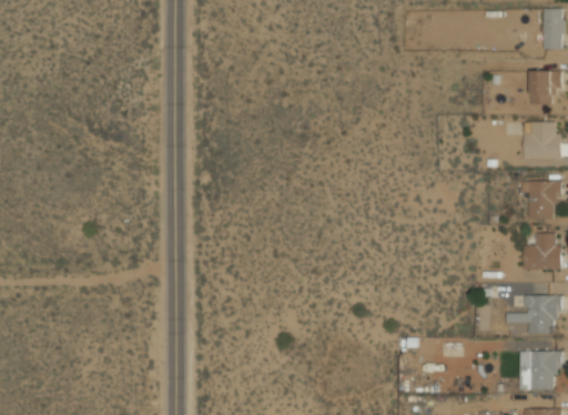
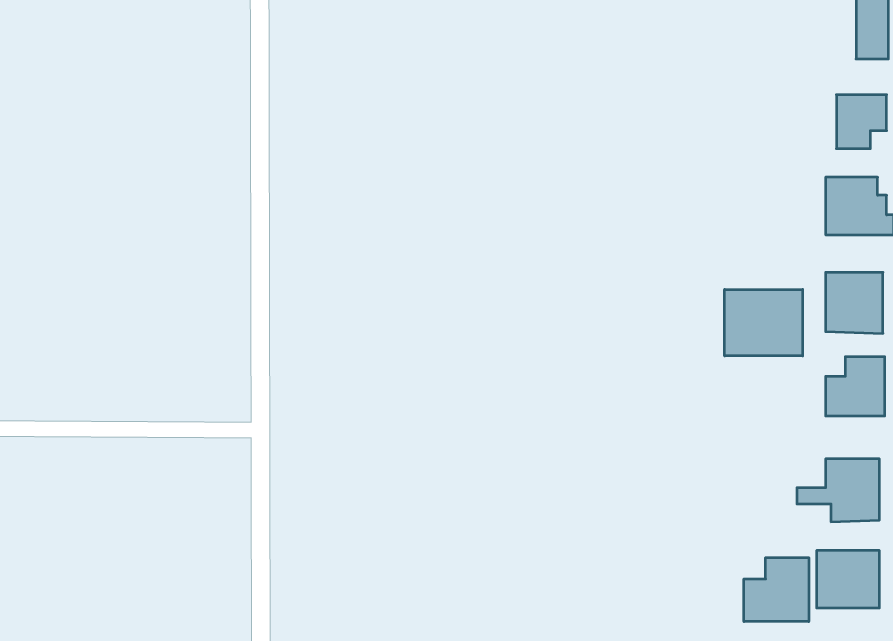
building: none -> [725,289,803,356]
building: none -> [744,558,809,622]

